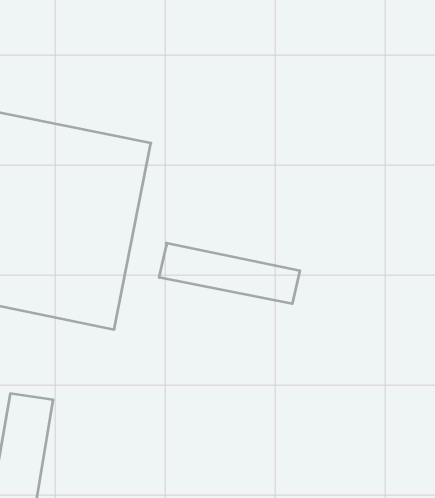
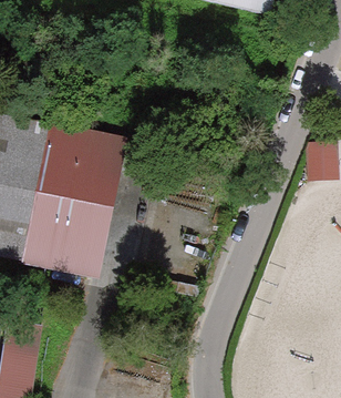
building: [159,243,300,304] -> none

